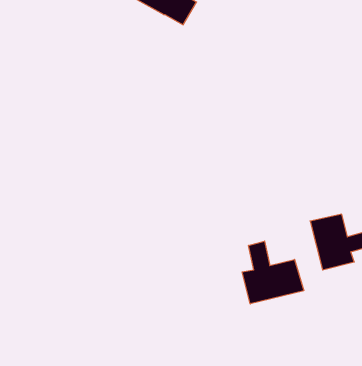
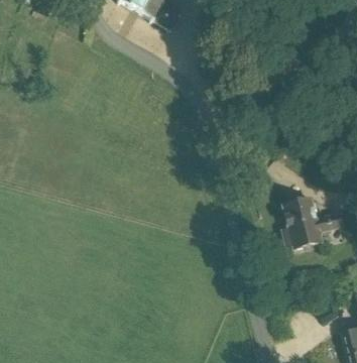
building: [242,241,304,304] -> none

